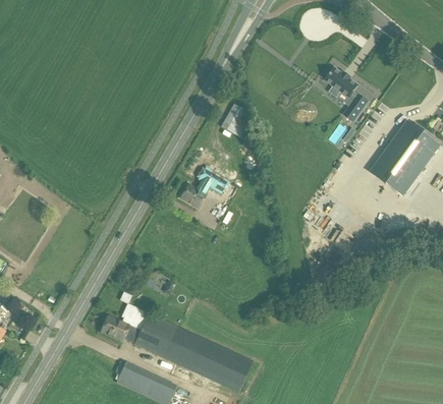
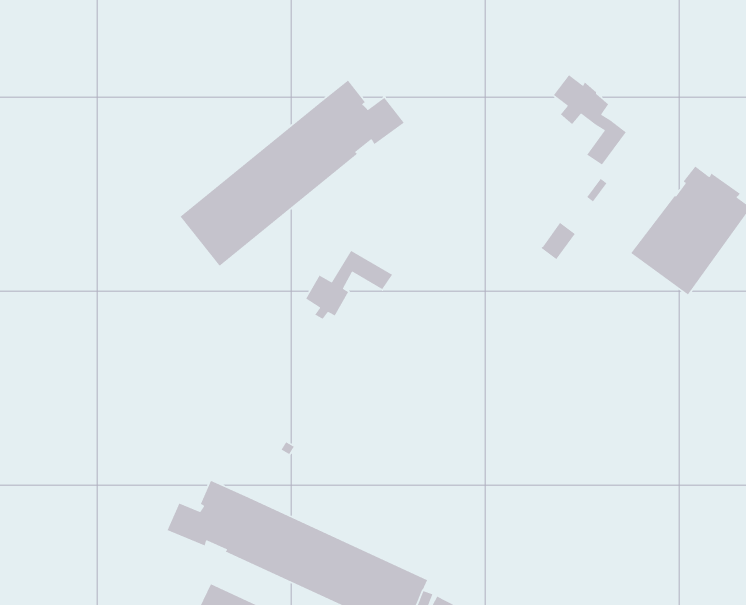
building: none -> [180,79,405,267]
building: [220,103,251,139] -> none

